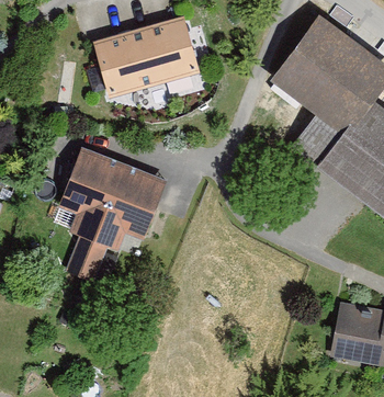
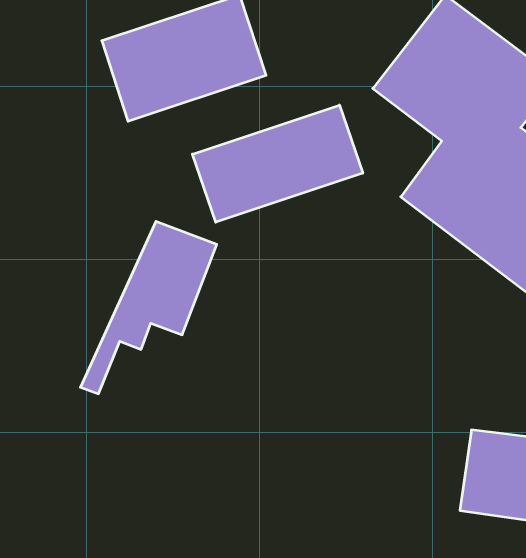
building: none -> [192,105,363,222]
building: [57,146,127,275] -> none

